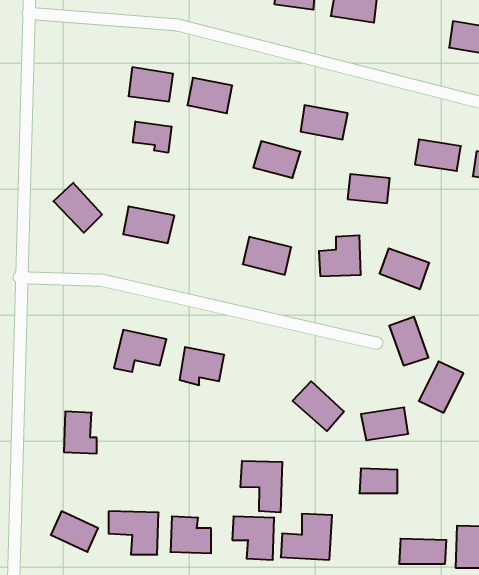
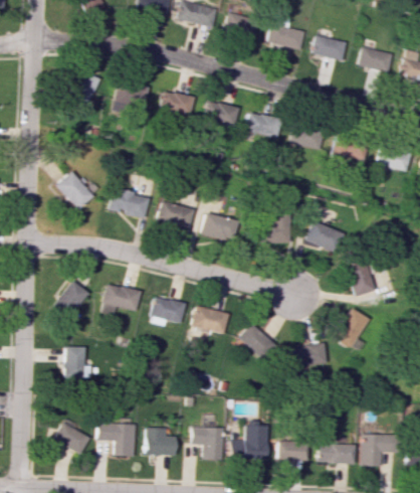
building: none -> [311,35,345,59]
building: none -> [67,70,98,108]
building: [133,121,171,153] -> none
building: [253,141,301,178] -> [202,100,238,128]
building: [348,174,390,203] -> [289,125,322,147]
building: none -> [155,201,193,229]
building: [389,317,429,365] -> [345,259,375,296]
building: none -> [53,280,89,319]
building: none -> [192,306,229,334]
building: [241,461,282,512] -> none
building: [359,468,397,493] -> [278,441,307,460]

